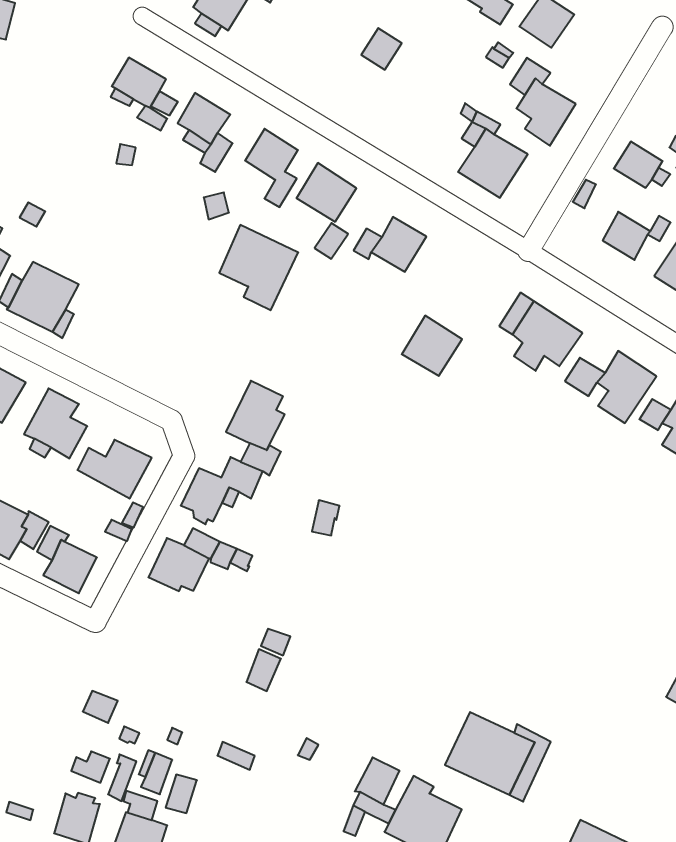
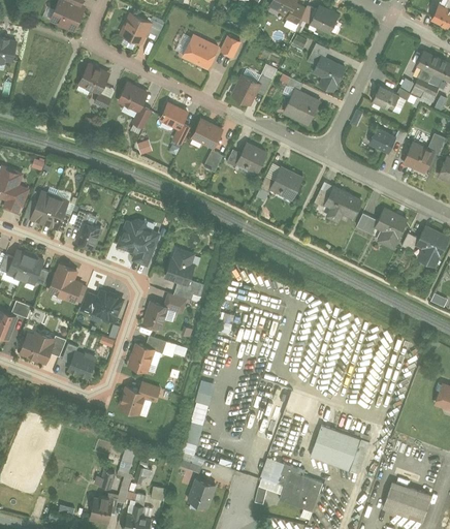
building: none -> [181,32,219,68]
building: none -> [230,73,260,104]
building: [219,225,298,310] -> [116,217,160,264]
building: none -> [72,209,100,249]
building: [402,316,462,376] -> [270,165,304,199]
building: none -> [118,380,161,414]
building: none -> [188,477,213,506]

